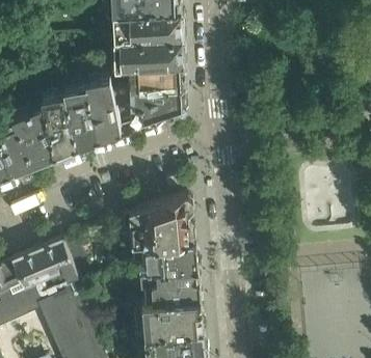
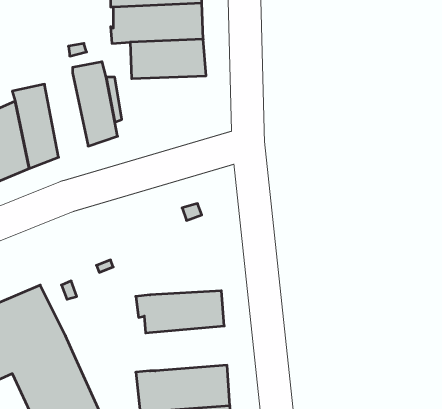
building: [63,87,97,149] -> none
building: [129,89,185,129] -> none
building: [122,199,195,252] -> none
building: [139,274,200,307] -> none

